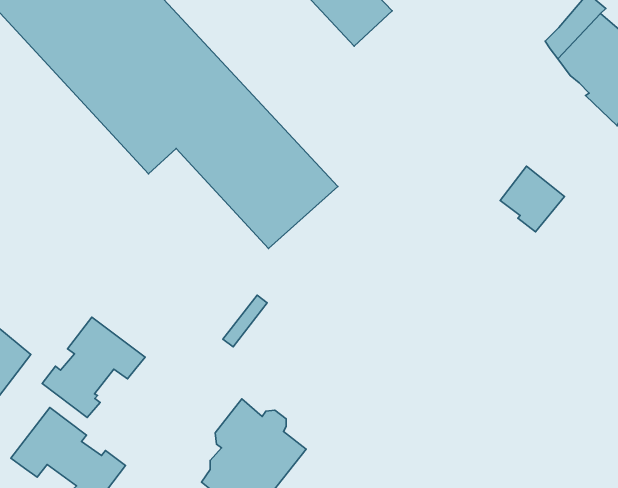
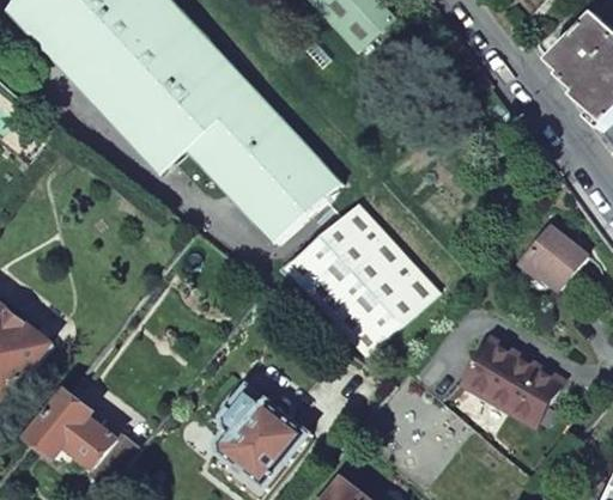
building: [500,166,564,232] -> [524,226,585,288]
building: none -> [289,205,435,353]
building: [42,317,145,417] -> none
building: none -> [459,337,554,420]

